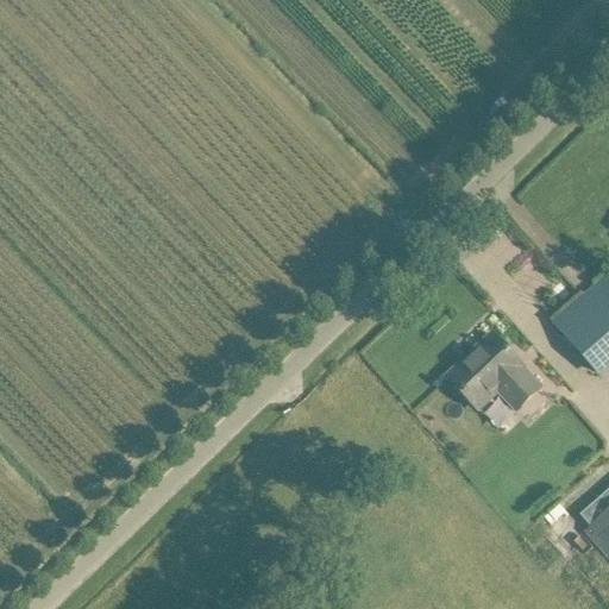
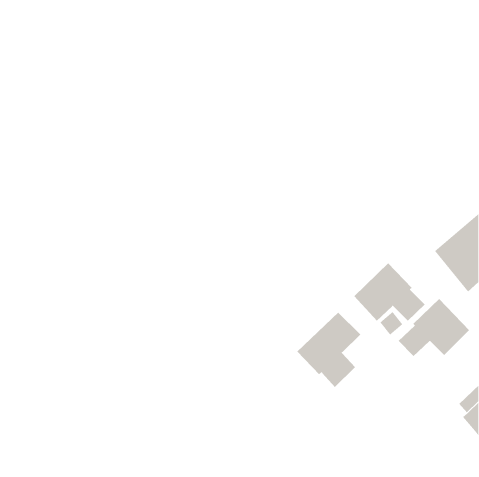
building: none -> [398,298,470,357]
building: none -> [296,312,361,388]

